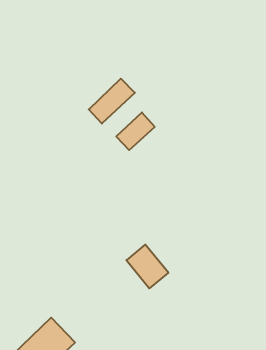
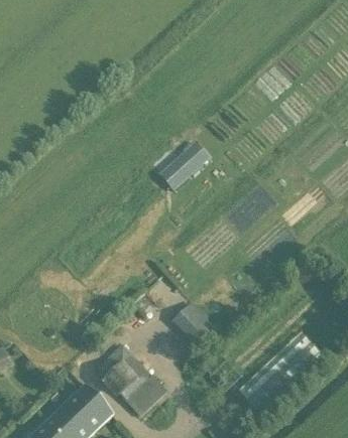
building: [89,79,135,124] -> none
building: none -> [97,344,164,414]

